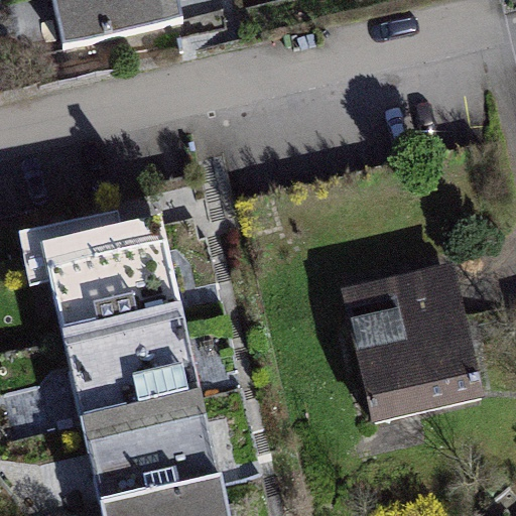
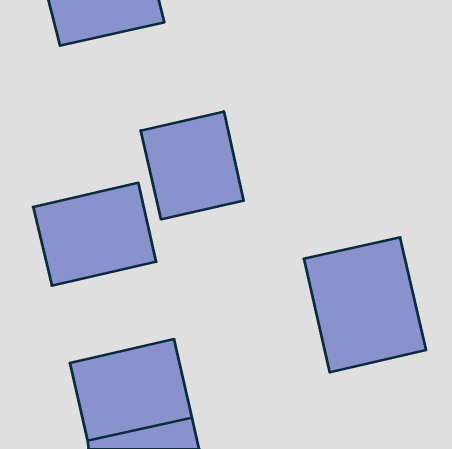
building: none -> [141,111,244,219]
building: [58,295,197,410] -> none

